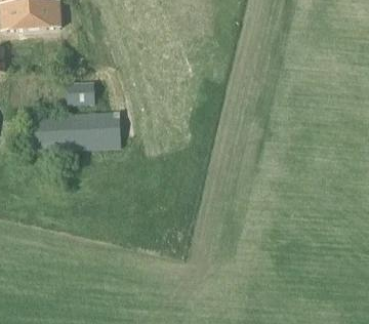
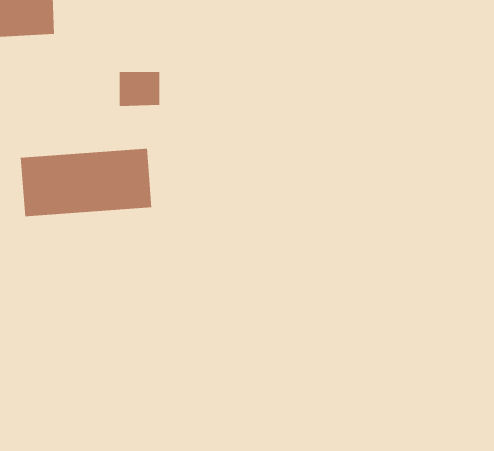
building: [68,82,95,106] -> [119,72,160,107]

